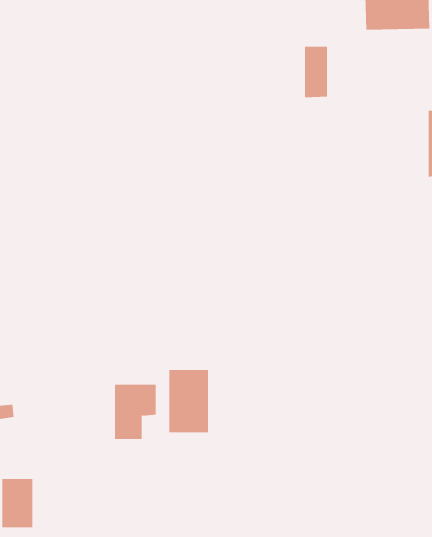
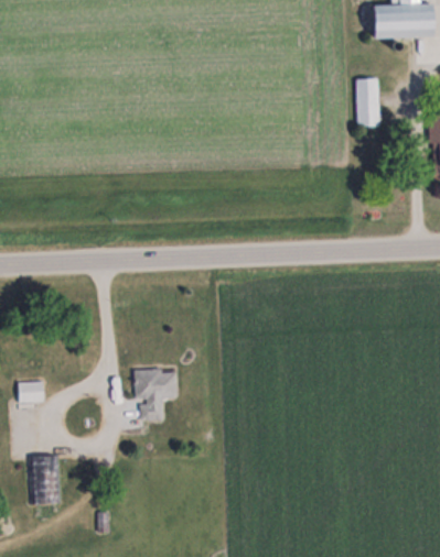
building: [304,46,328,98] -> [357,78,379,127]
building: [169,369,209,433] -> none

